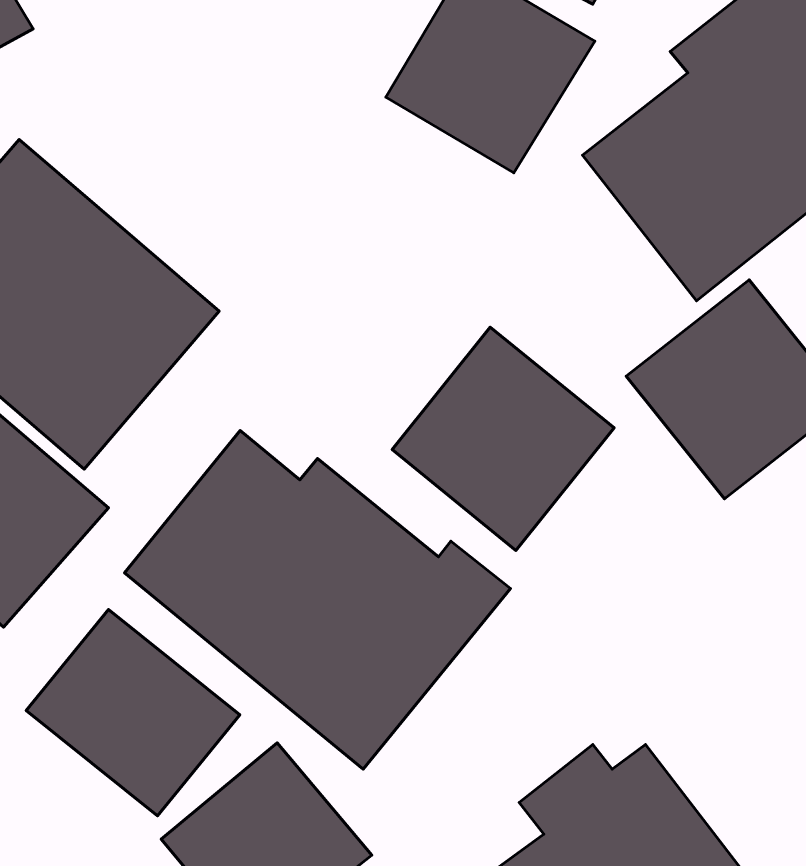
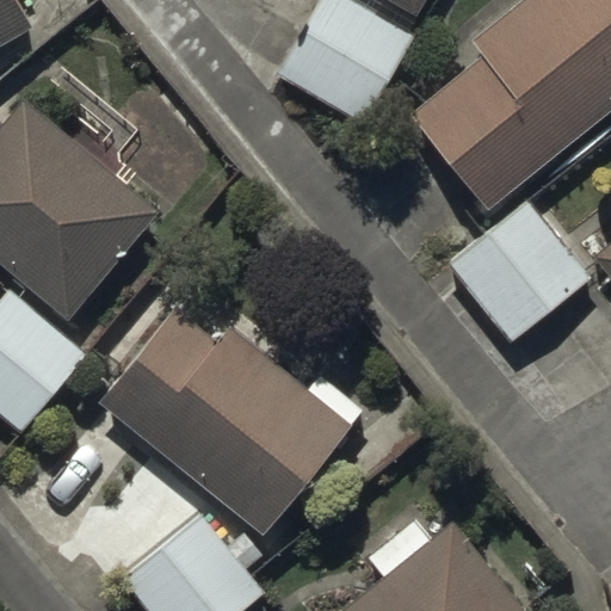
building: [392,327,614,550] -> none
building: [26,609,240,816] -> none

